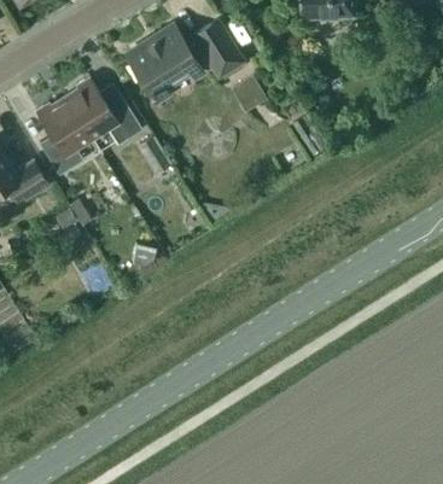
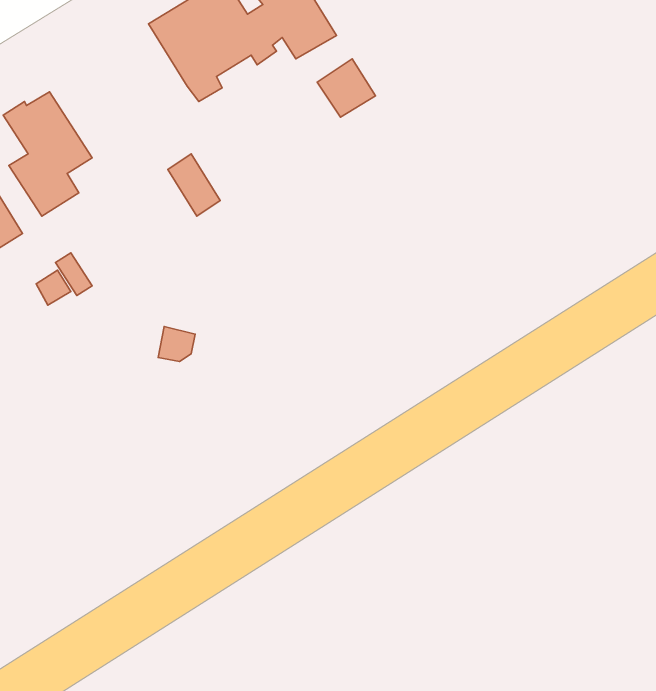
building: [64,77,141,144] -> none

